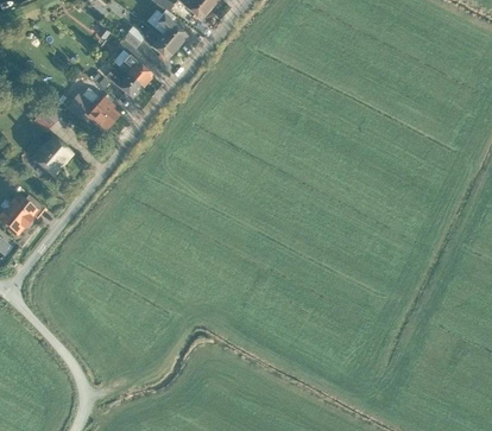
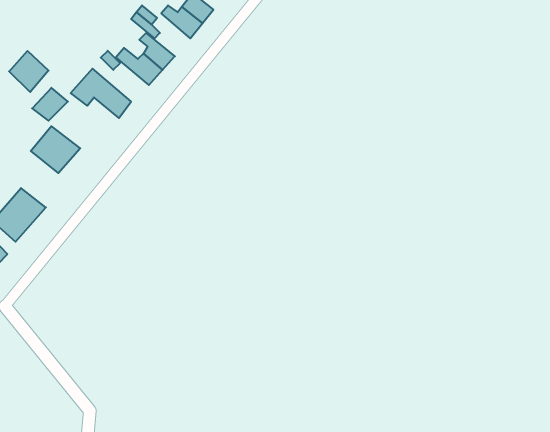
building: none -> [9,51,49,92]

